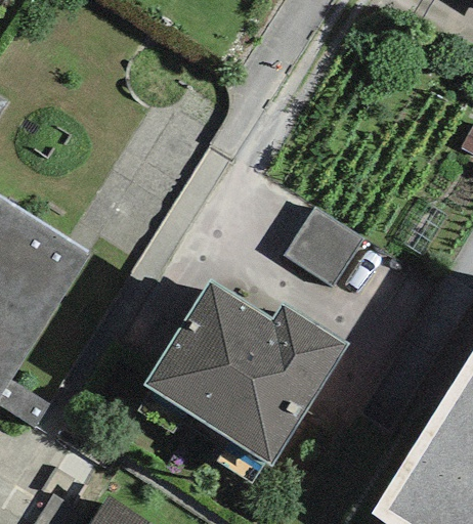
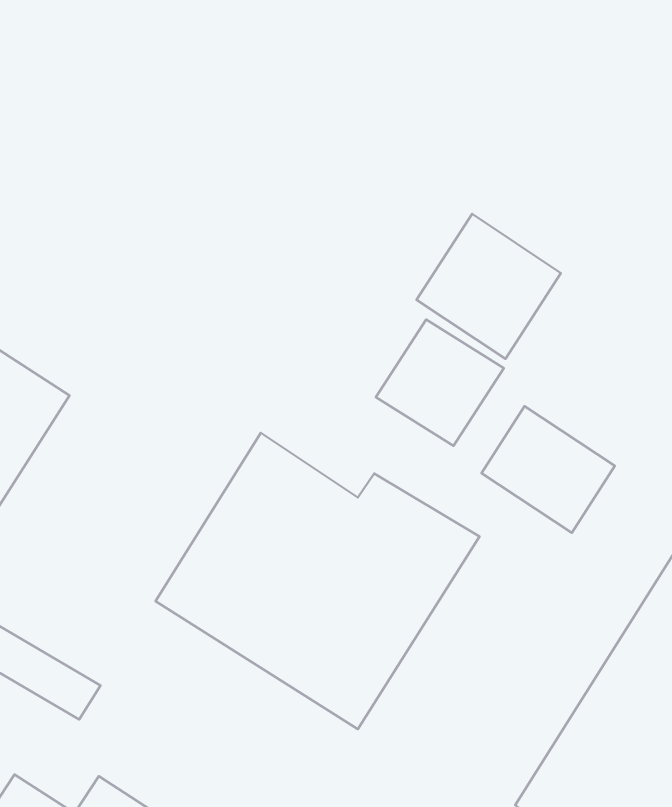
building: none -> [417,214,561,359]
building: none -> [481,406,615,533]

